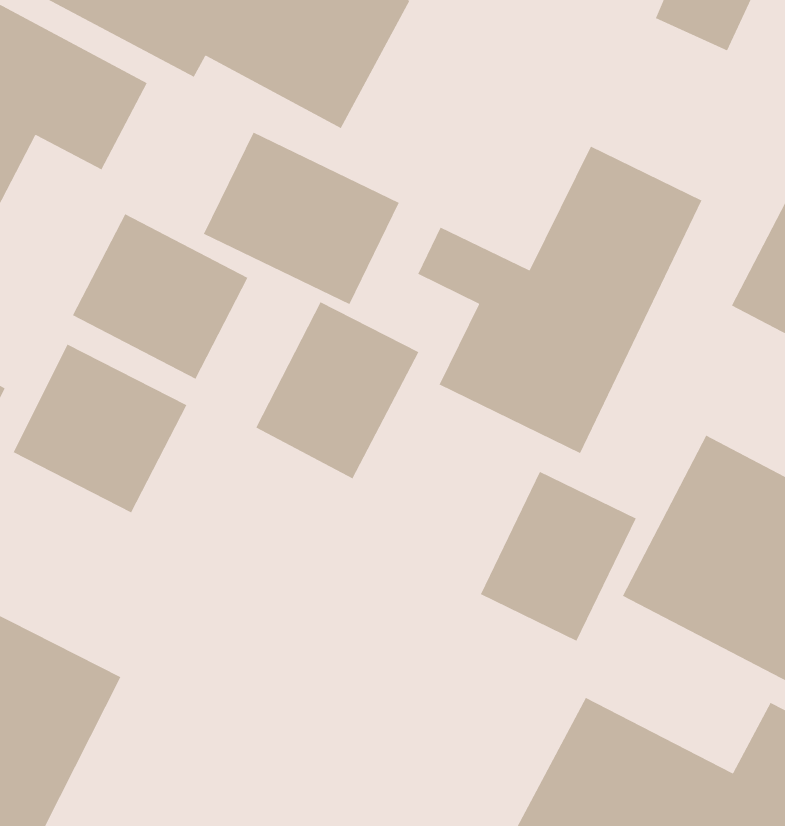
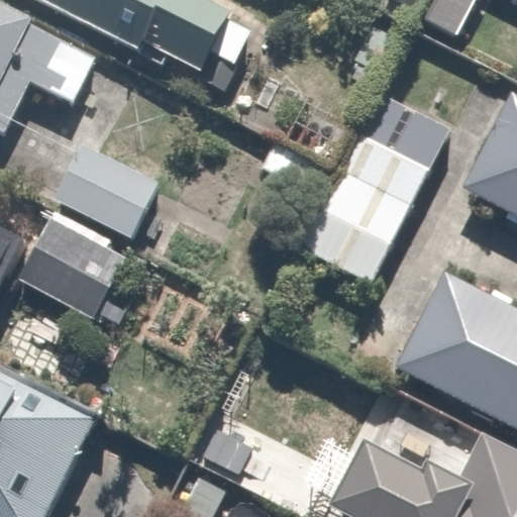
building: [203,132,400,305] -> none
building: [255,301,419,480] -> none
building: [480,471,637,642] -> none

